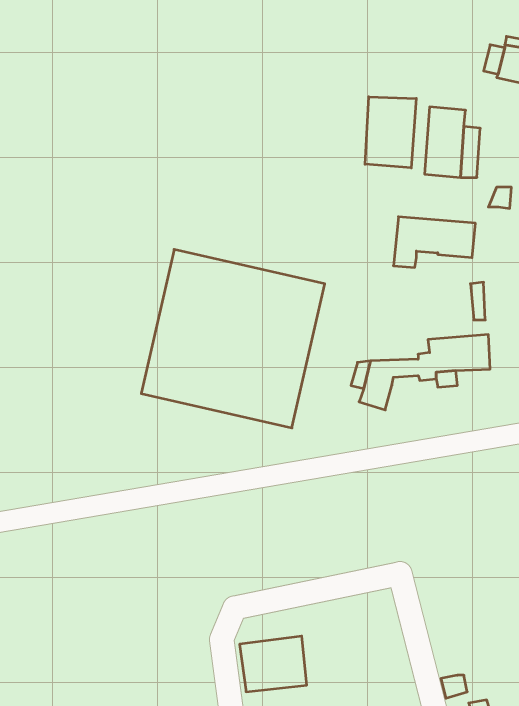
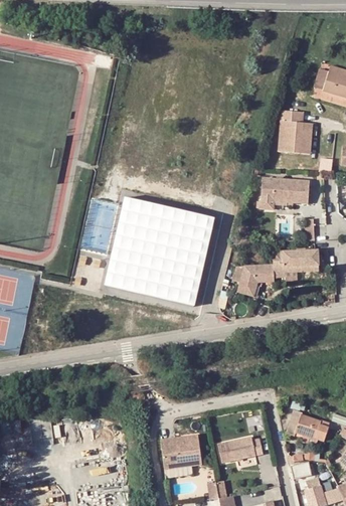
building: [365,97,416,168] -> none
building: none -> [285,407,322,437]
building: none -> [221,438,258,461]

